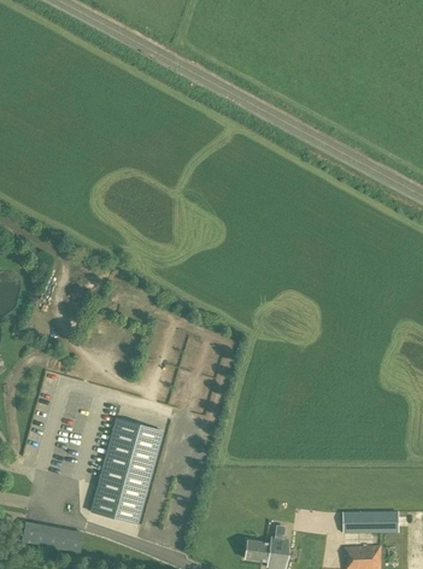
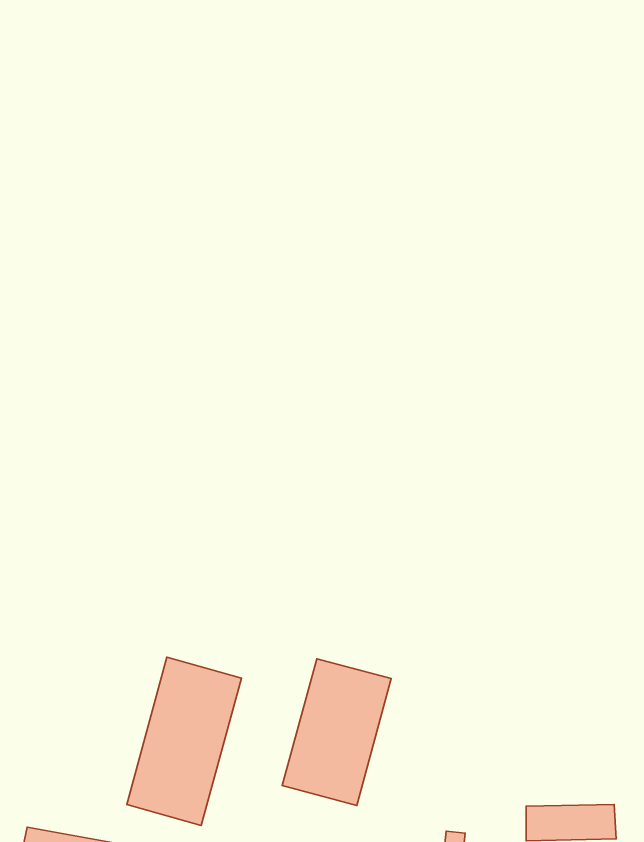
building: none -> [282,659,391,805]

